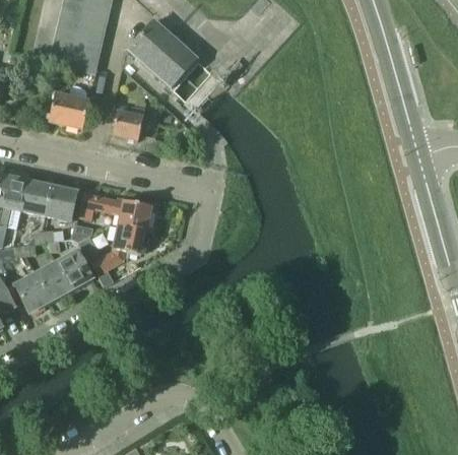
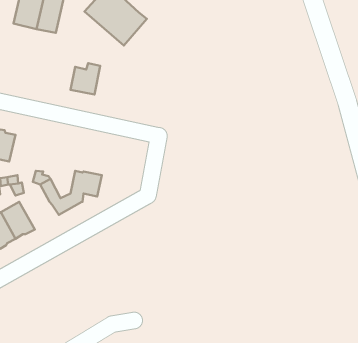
building: [48,93,88,128] -> none
building: [44,185,76,220] -> none
building: [77,192,151,230] -> none
building: [55,247,92,289] -> none

